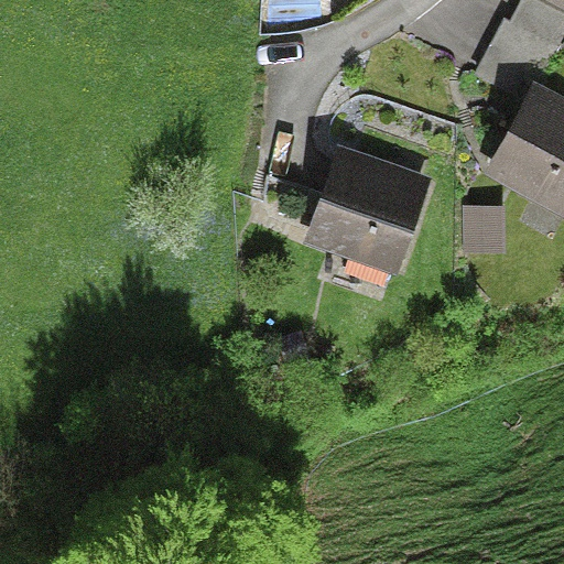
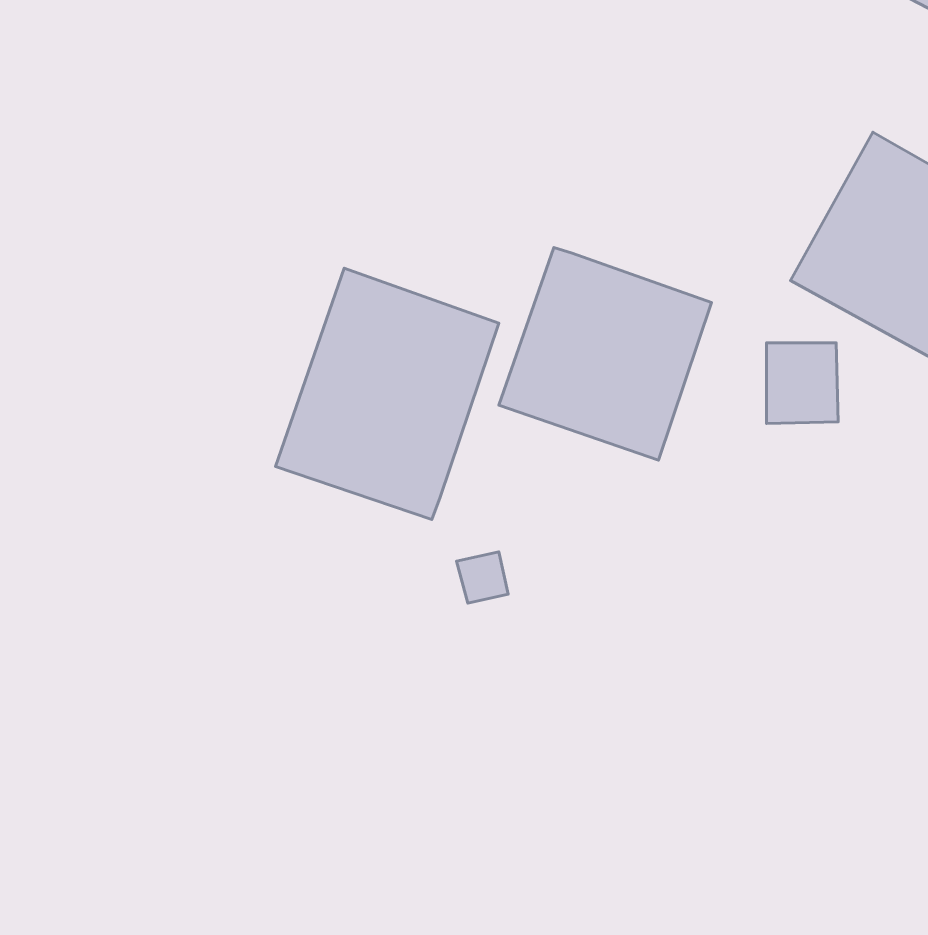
building: none -> [276,268,499,520]

